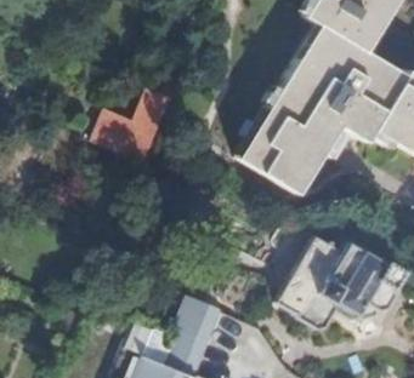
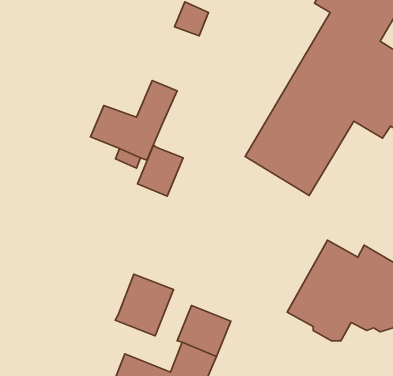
building: none -> [137,145,183,196]
building: none -> [115,274,173,336]

